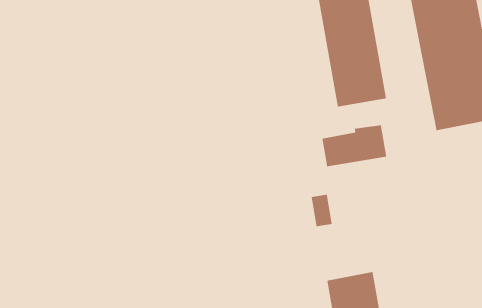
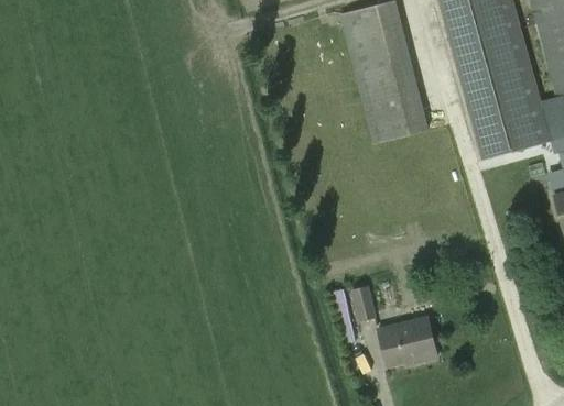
building: [322,124,387,167] -> none
building: [311,194,332,227] -> [351,285,377,321]

